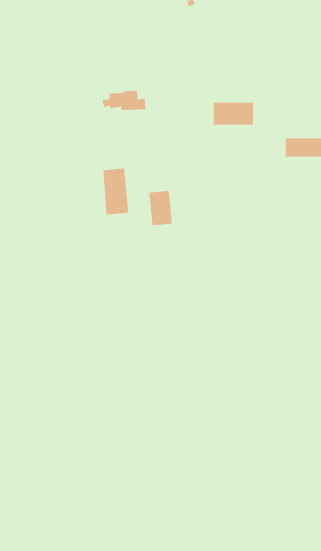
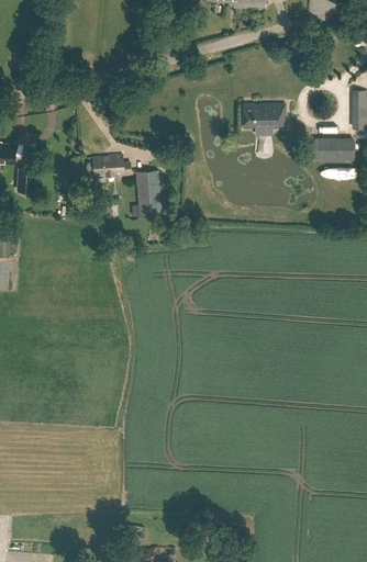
building: [102,90,146,115] -> [86,155,130,180]
building: [148,190,173,226] -> none

